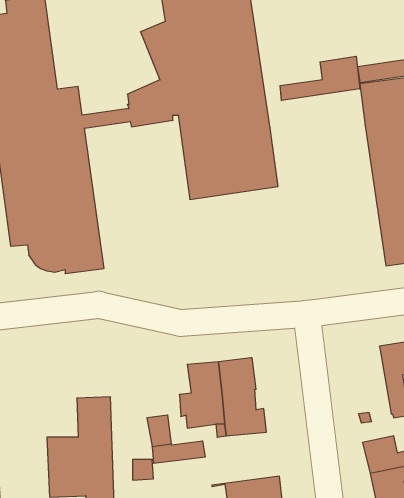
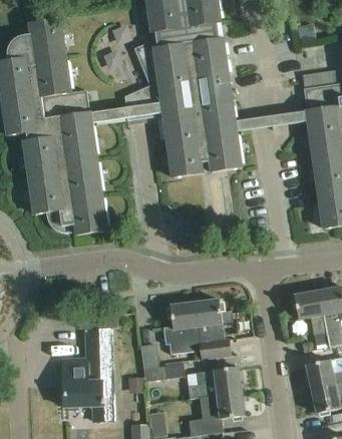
building: [280,56,360,101] -> none
building: none -> [295,290,328,344]
building: none -> [188,366,242,397]

